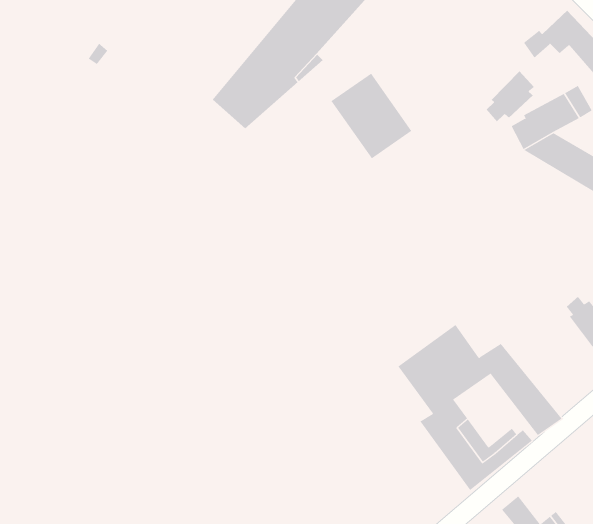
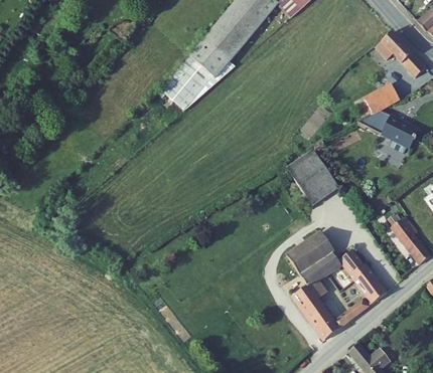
building: [486,71,535,122] -> none
building: [331,73,412,159] -> [283,151,335,206]

